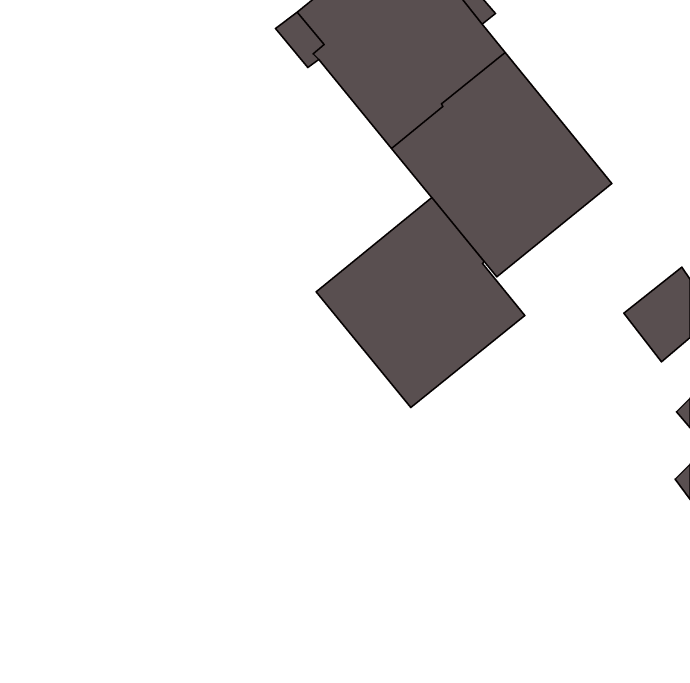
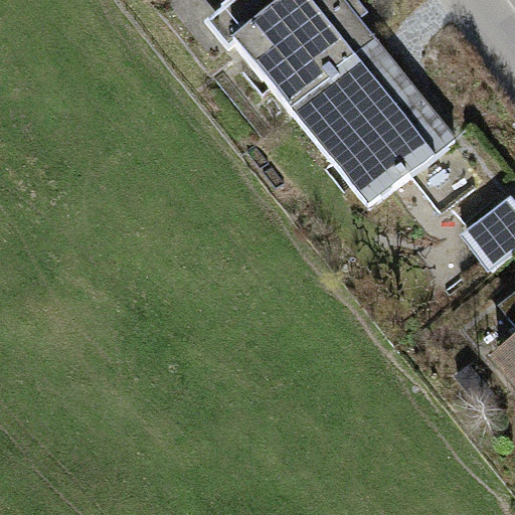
building: [316,198,525,408] -> none

